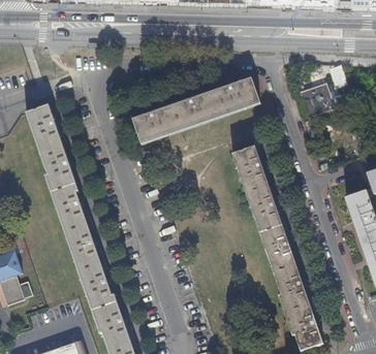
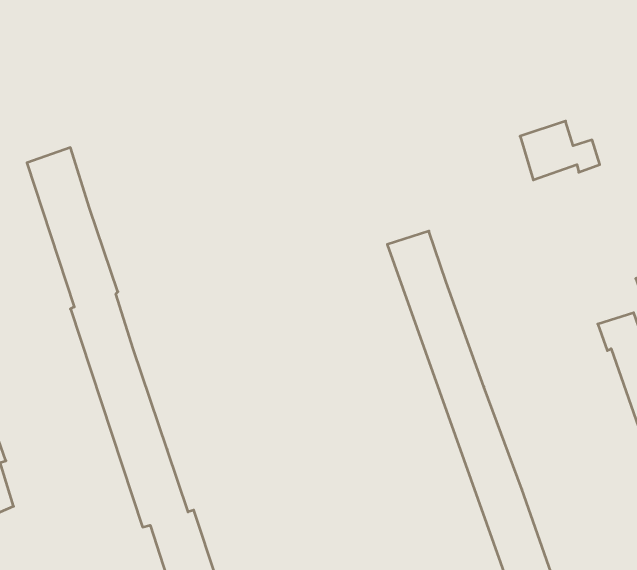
building: [132,76,260,143] -> none

